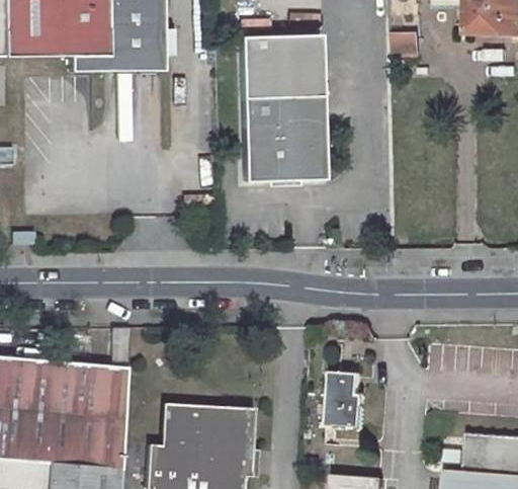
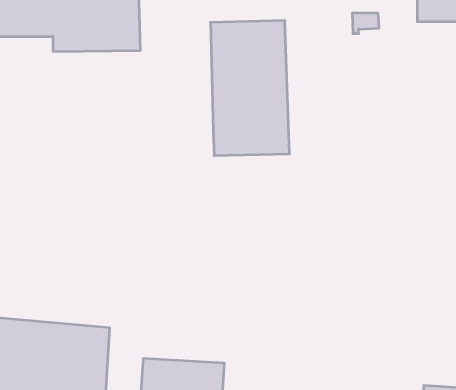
building: [329,374,368,431] -> none

